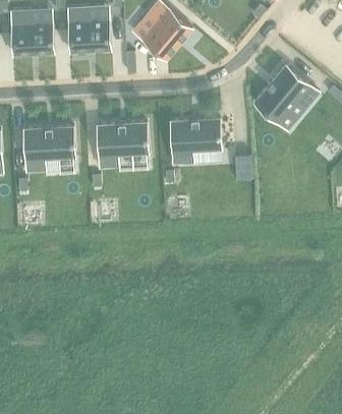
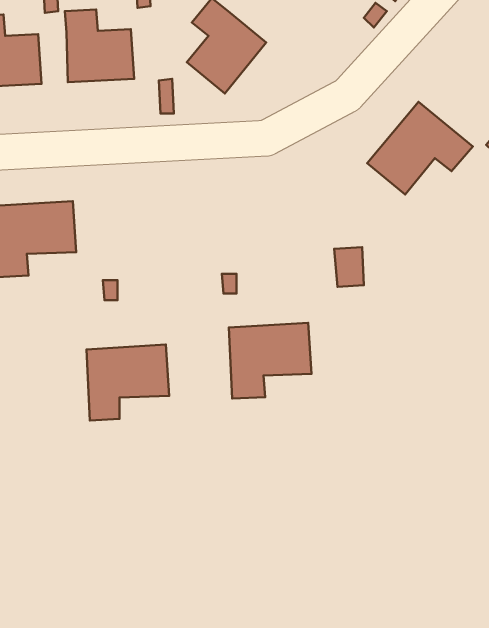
building: [170,117,221,164] -> [229,323,311,399]
building: [97,121,148,168] -> [86,345,169,421]

